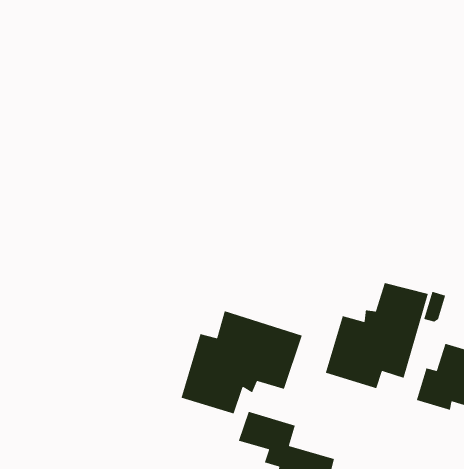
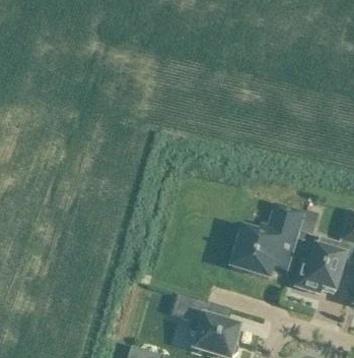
building: [180,310,303,415] -> none

